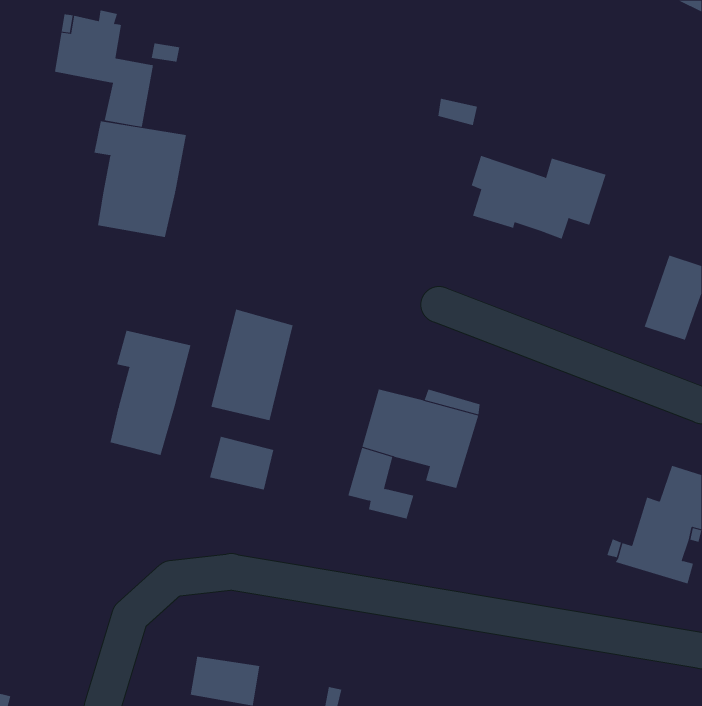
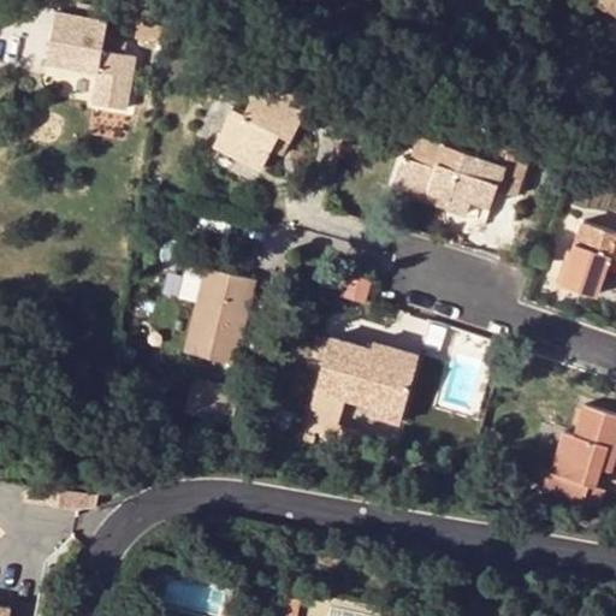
building: none -> [213,77,312,172]
building: [94,120,187,238] -> none
building: none -> [390,159,469,218]
building: [110,330,191,456] -> none

